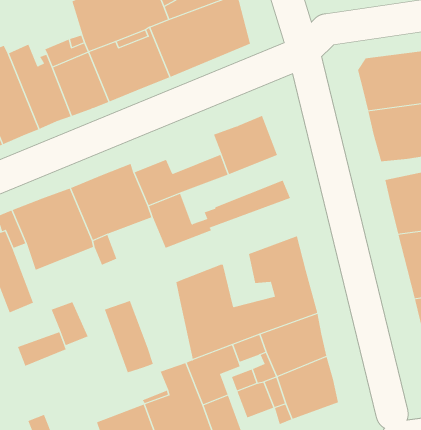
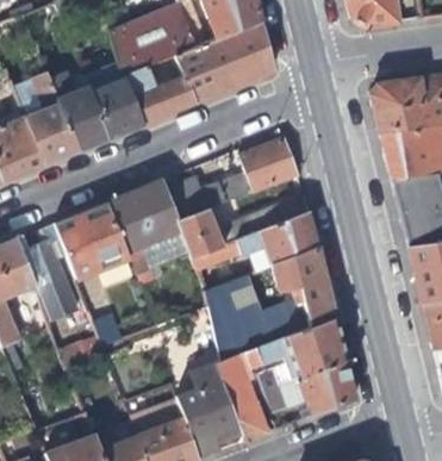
building: none -> [237,213,317,264]
building: [104,300,154,373] -> none

